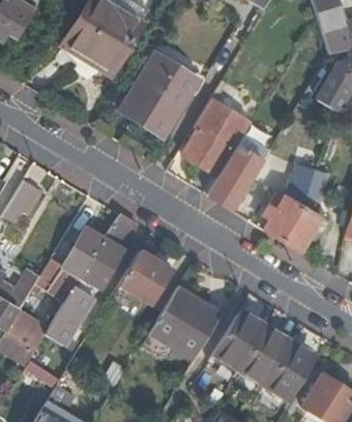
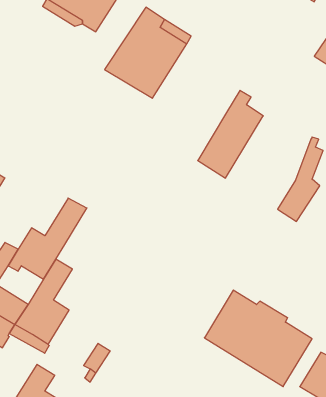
building: [181,102,248,173] -> none
building: [261,163,313,239] -> none
building: [83,212,138,284] -> none
building: [118,249,175,306] -> none
building: [150,287,219,358] -> none

